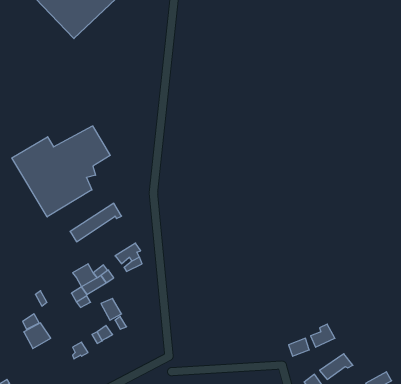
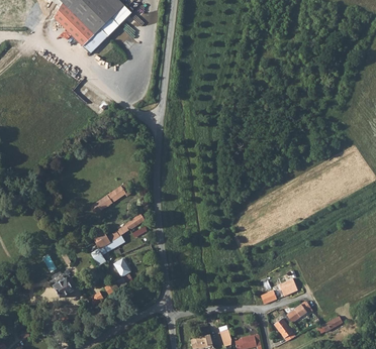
building: [12,126,110,217] -> none

